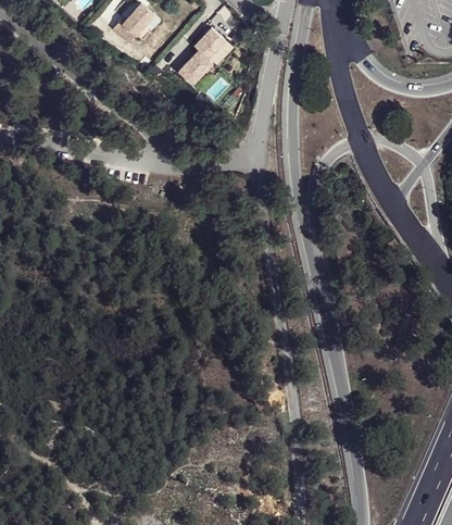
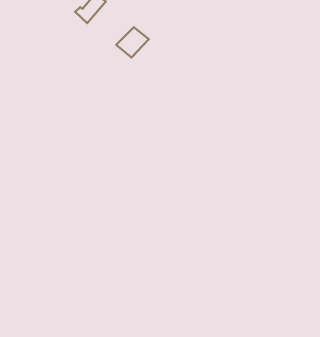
building: [192,26,230,63] -> none

